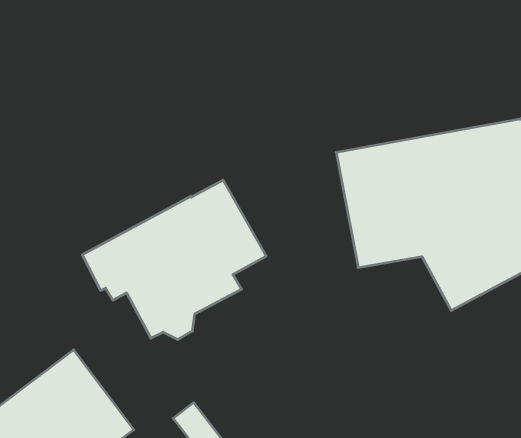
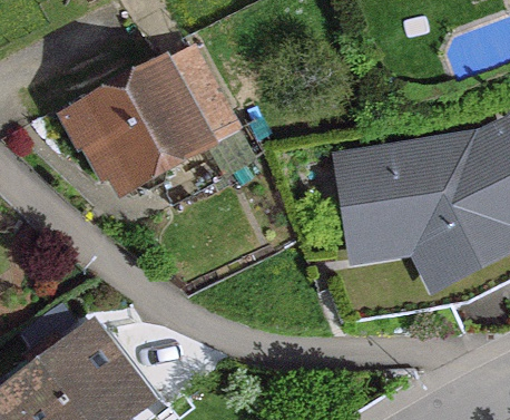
building: [82,180,266,340] -> [61,50,228,195]

